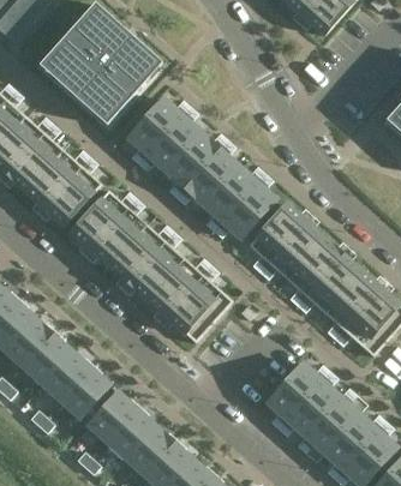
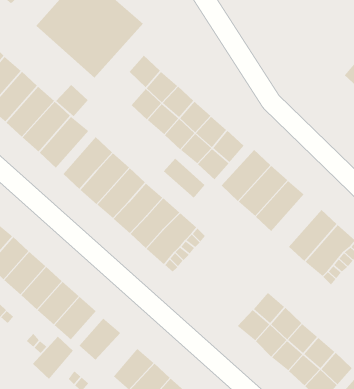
building: [127,118,164,155] -> [55,84,88,117]
building: none -> [163,158,205,199]
building: [305,254,361,313] -> none
building: [108,409,155,458] -> [32,336,74,380]

